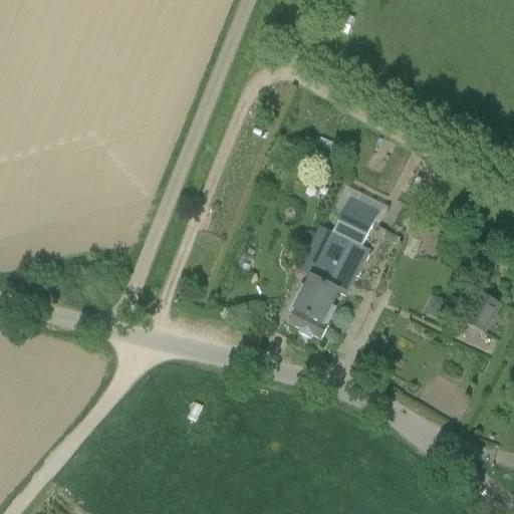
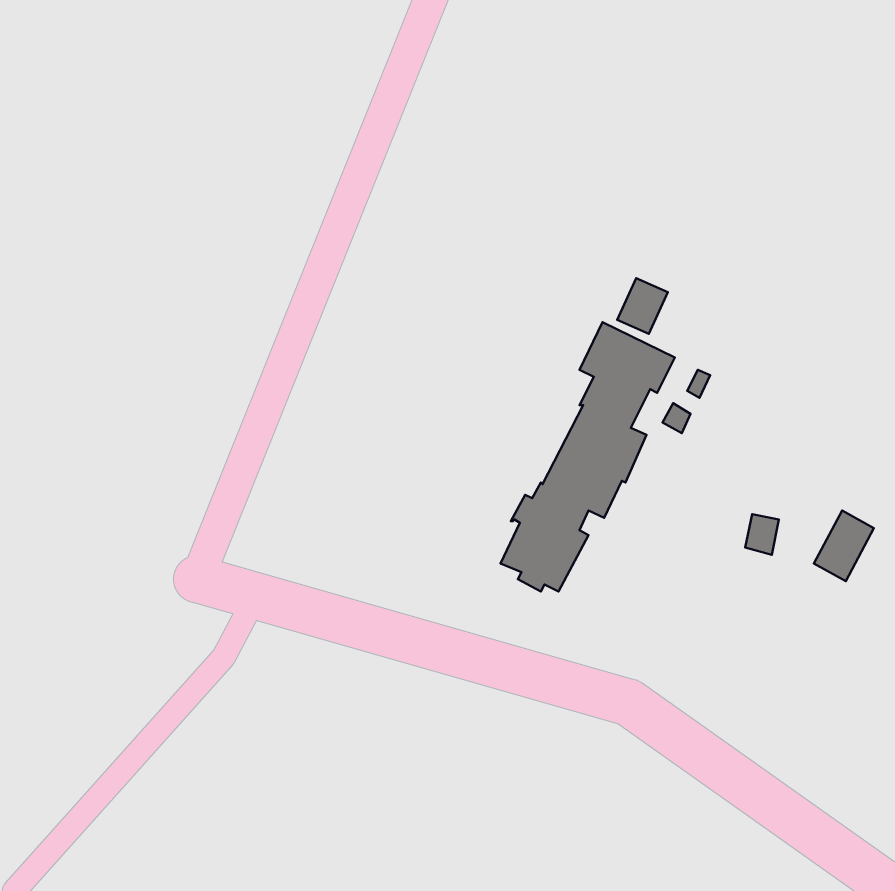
building: none -> [617,278,668,334]

